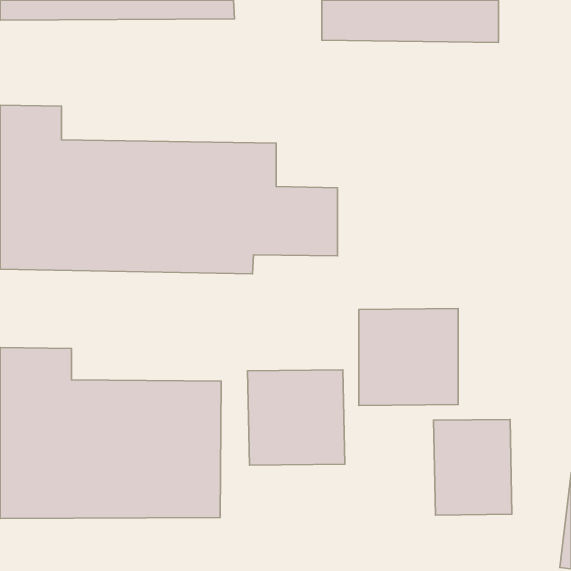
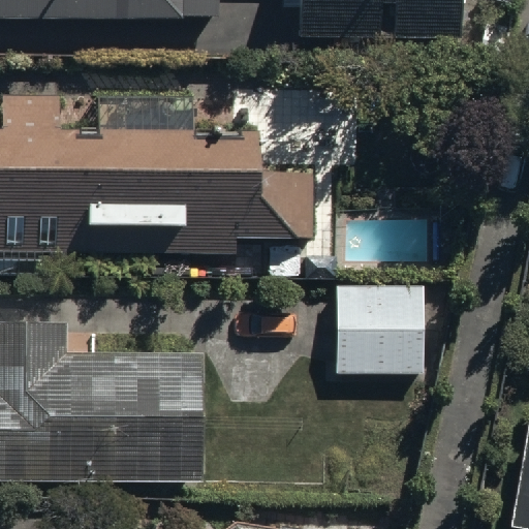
building: [247,370,345,465] -> none
building: [434,419,512,515] -> none

